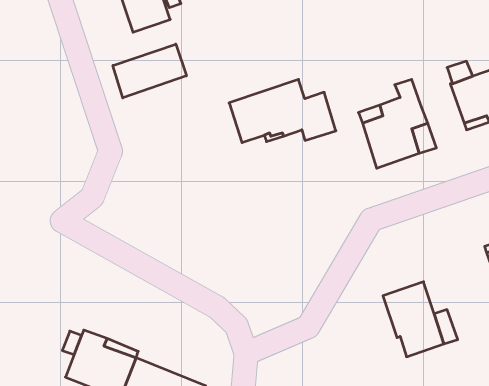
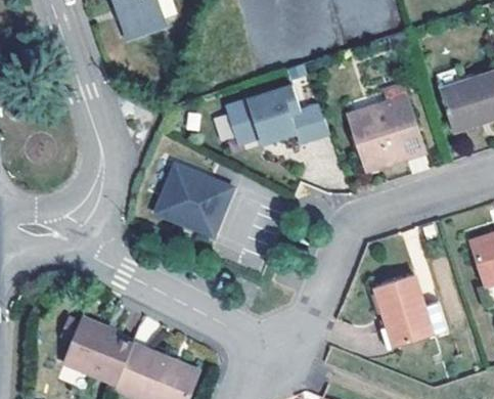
building: [113,44,186,98] -> none
building: none -> [159,164,237,237]

